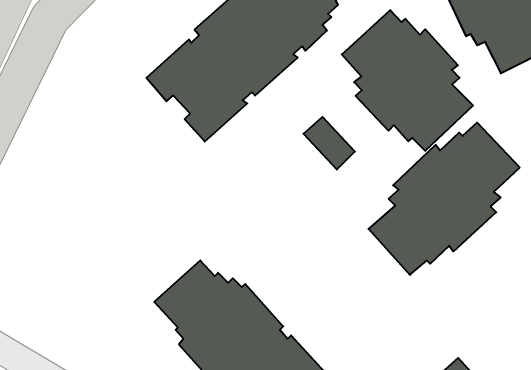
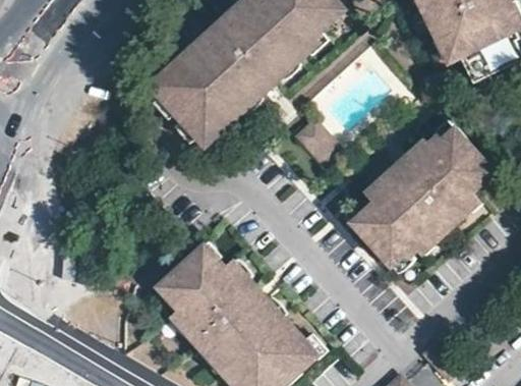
building: [342,10,473,151] -> none

